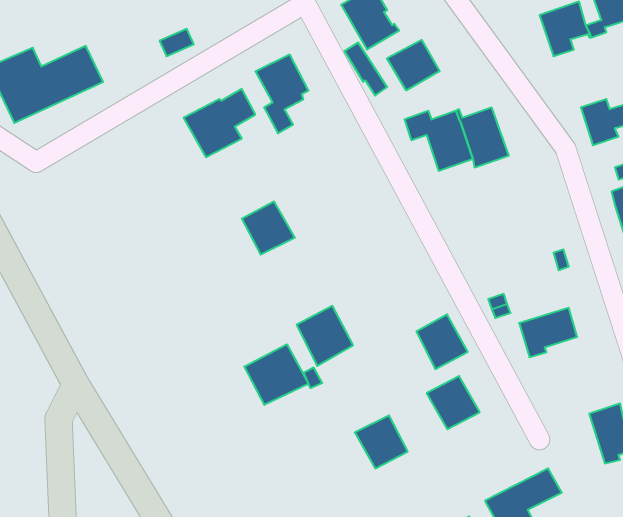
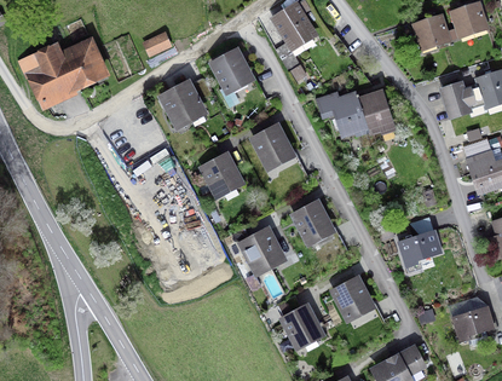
building: [387,40,440,90] -> none
building: none -> [254,127,292,166]
building: [416,314,468,369] -> [295,203,331,242]
building: [244,344,308,405] -> none

